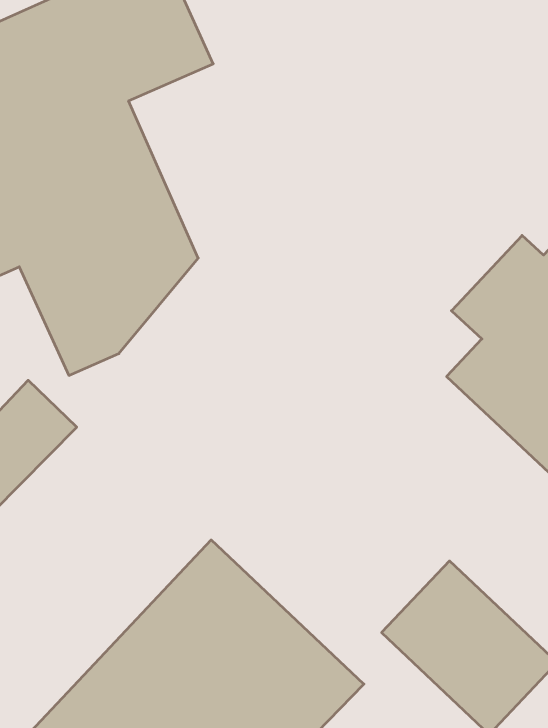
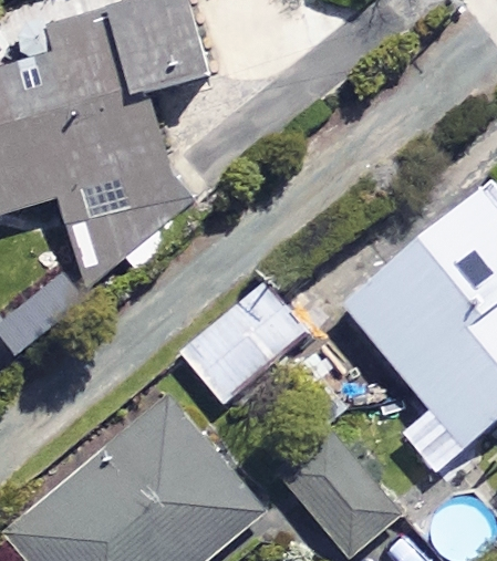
building: none -> [178,282,309,408]

